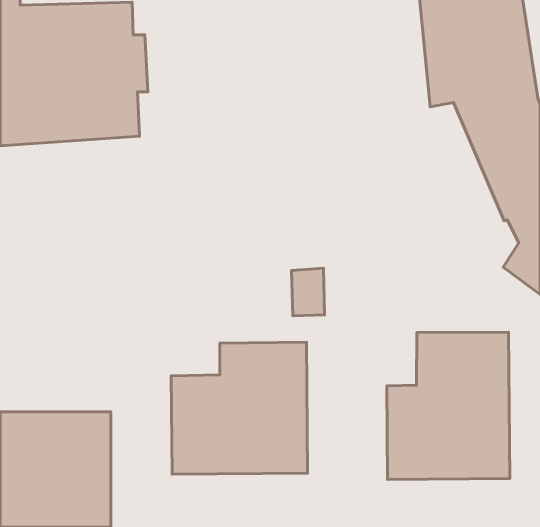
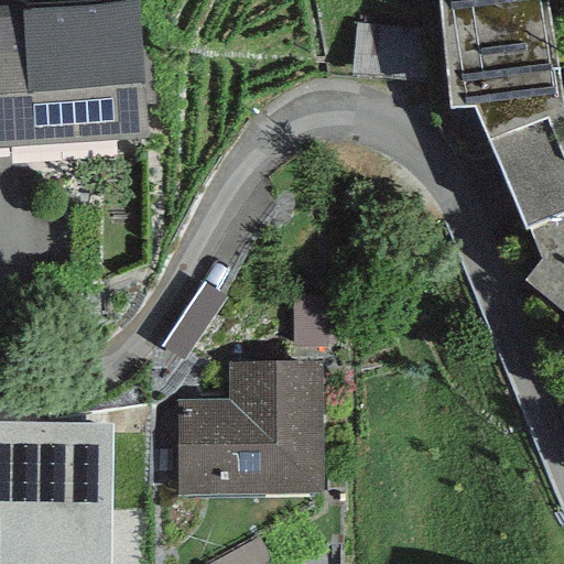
building: [387,332,510,480] -> none

